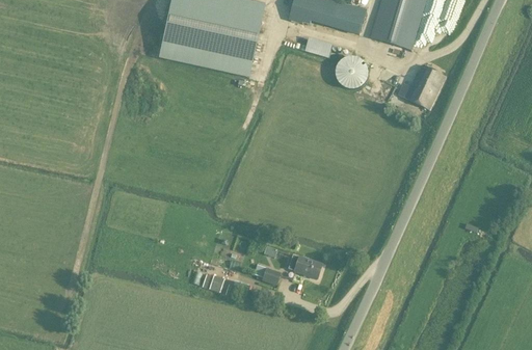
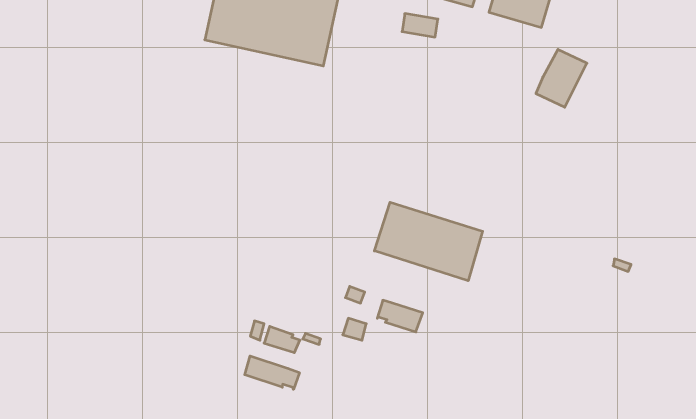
building: [337,56,369,87] -> none
building: none -> [374,202,483,281]
building: none -> [245,356,299,389]

